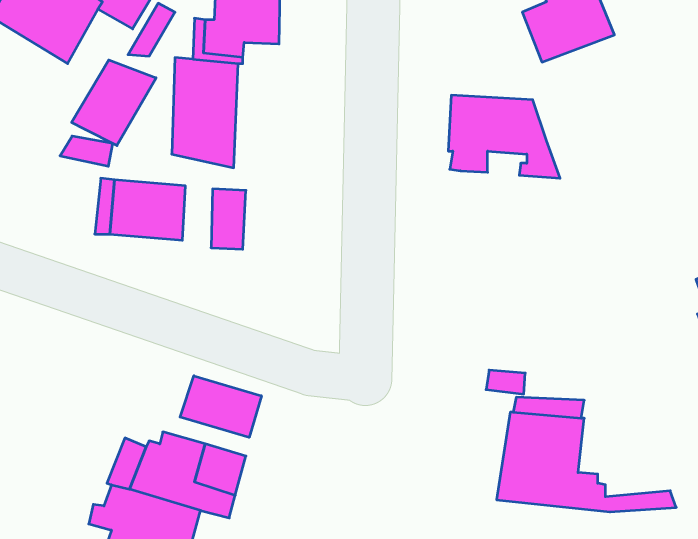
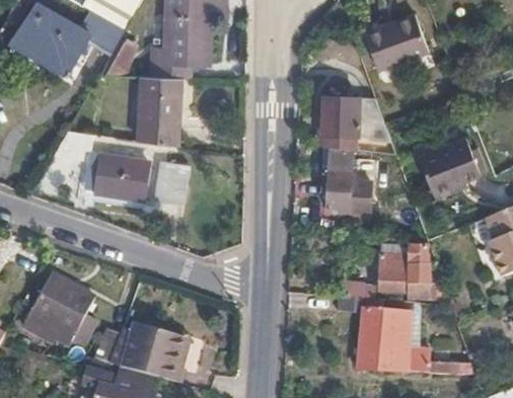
building: [72,60,156,146] -> none
building: none -> [418,138,482,195]
building: none -> [325,148,370,212]
building: none -> [376,243,426,299]
building: none -> [31,273,94,335]
building: [180,376,261,437] -> none

